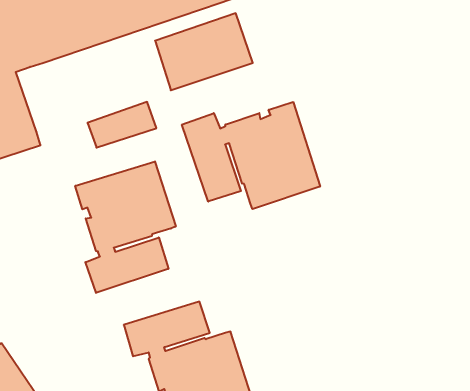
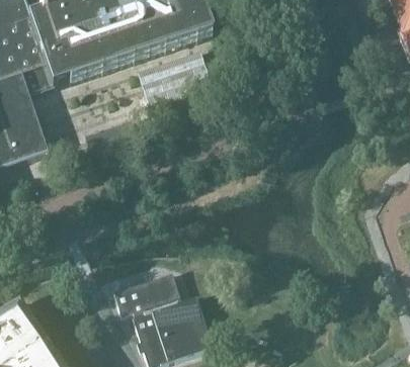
building: [182,102,320,209] -> none
building: [75,161,176,293] -> none

